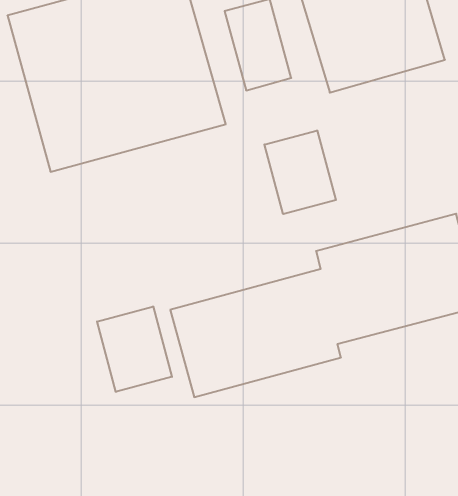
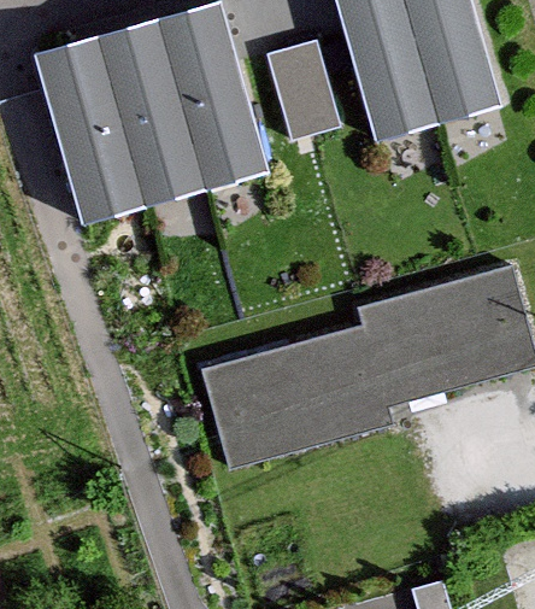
building: [264,130,336,214] -> none
building: [97,306,172,392] -> none

